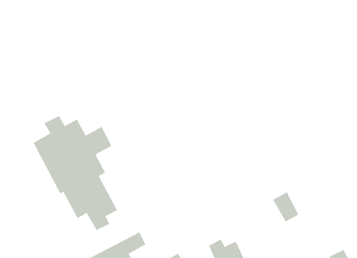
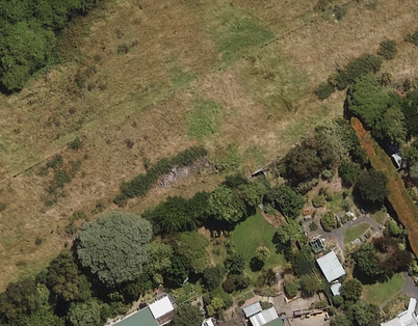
building: [33,115,118,231] -> none

